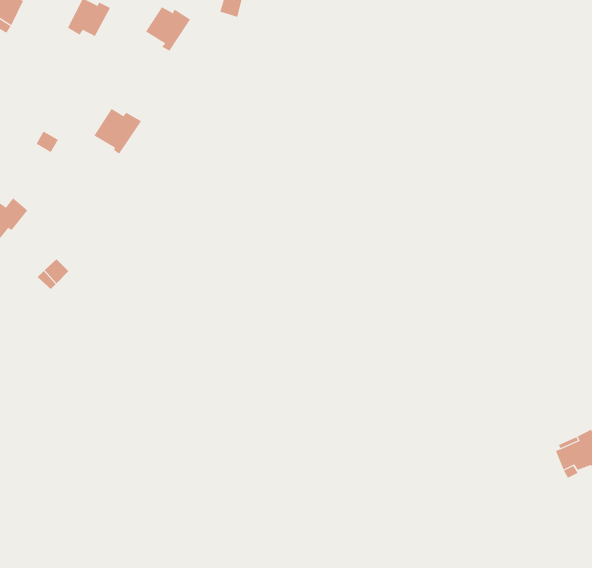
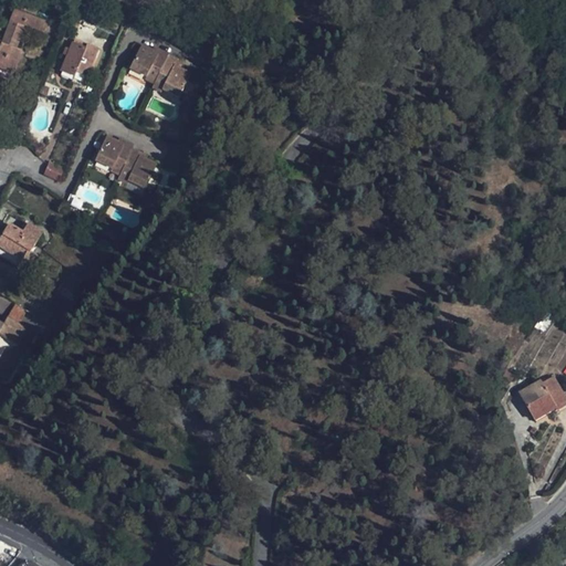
building: none -> [150,55,189,94]
building: none -> [116,148,156,188]

